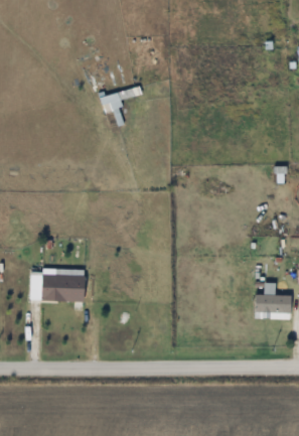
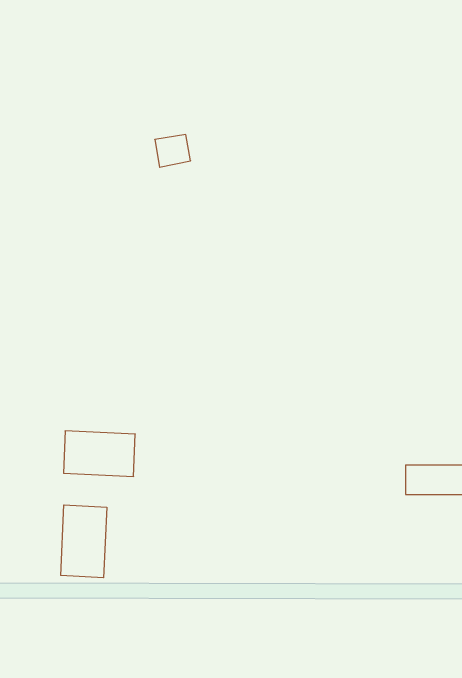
building: none -> [61,505,107,578]

